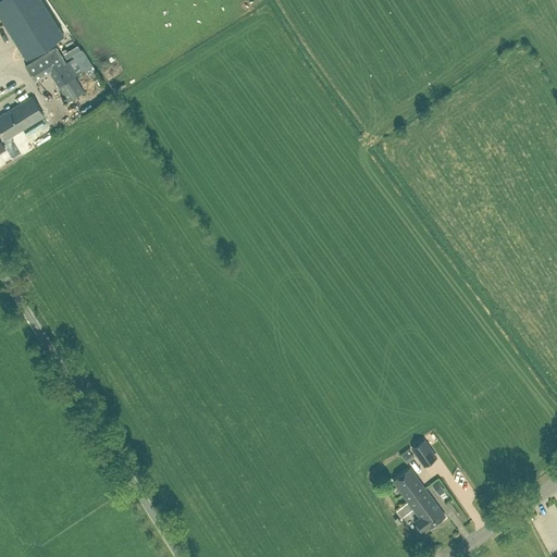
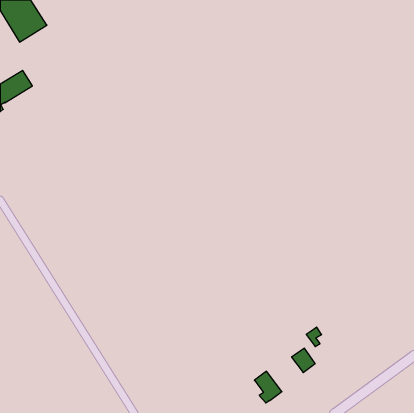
building: [24,46,83,102] -> none
building: [407,490,444,532] -> [254,371,282,403]

